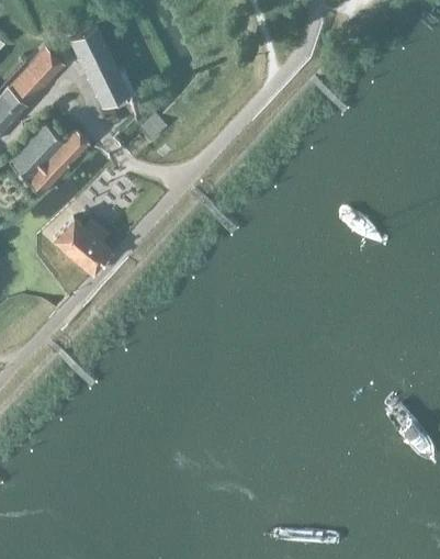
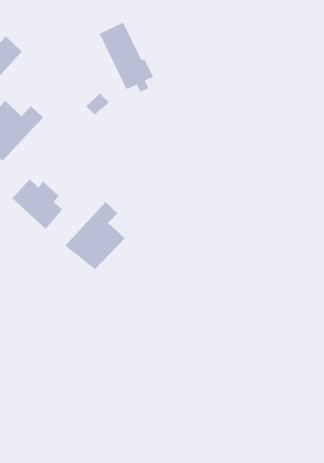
building: [67,26,133,111] -> [98,22,154,93]
building: none -> [64,201,126,270]

